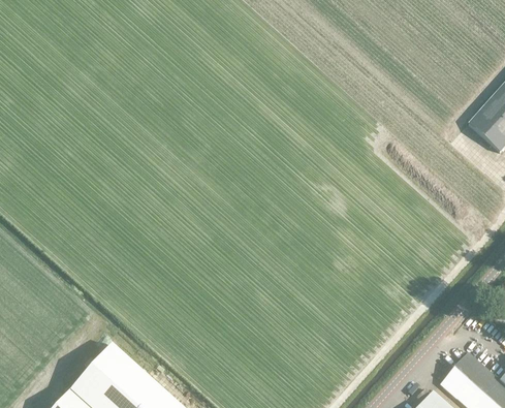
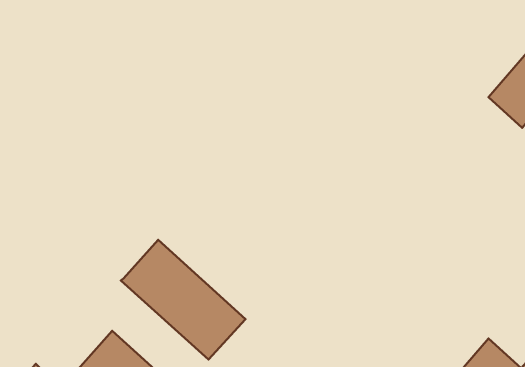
building: none -> [121,240,245,360]

